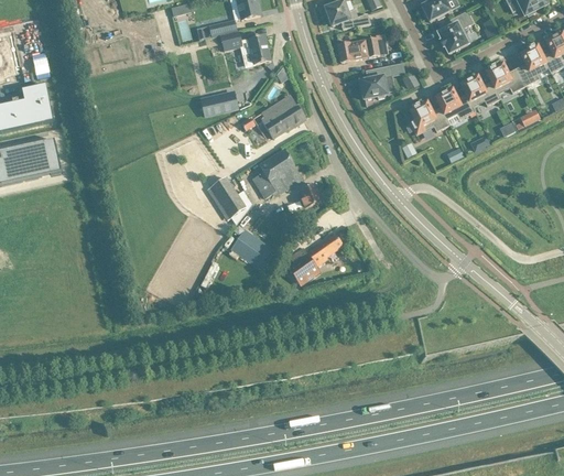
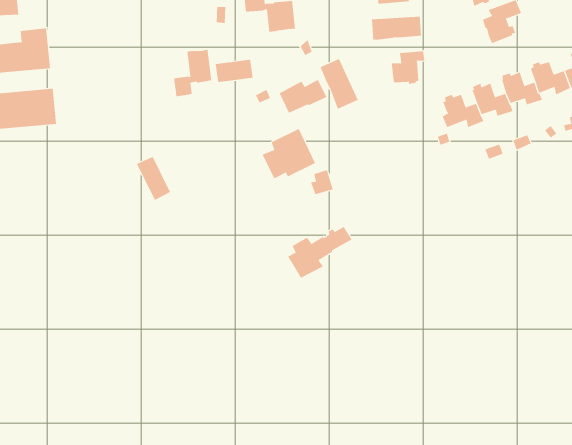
building: none -> [320,58,358,110]
building: none -> [174,49,212,97]
building: [210,176,245,216] -> [136,156,171,200]
building: [231,230,270,266] -> none

